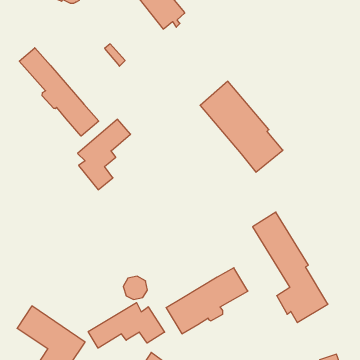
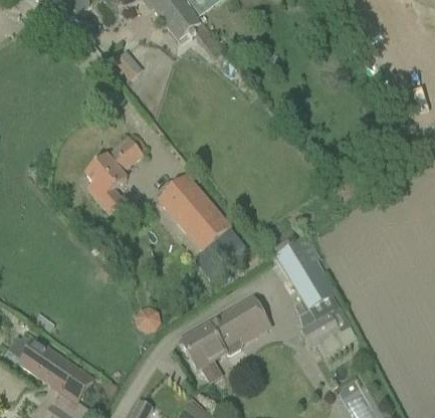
building: [19,48,99,136] -> none
building: [200,81,283,172] -> [158,173,247,271]
building: [88,303,165,348] -> none

